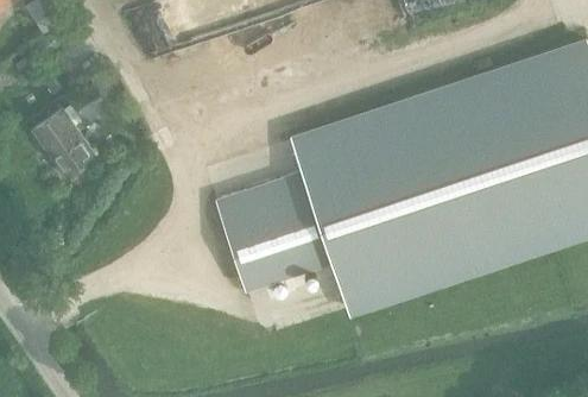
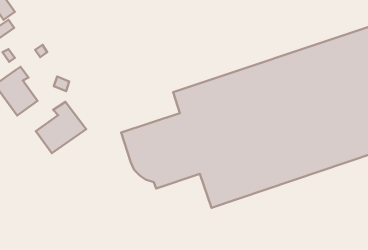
building: none -> [36,102,86,153]

